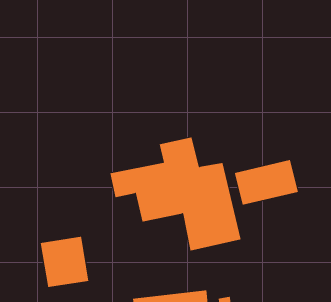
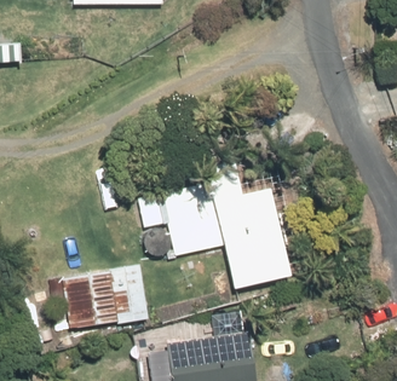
building: [234,159,299,206] -> none

